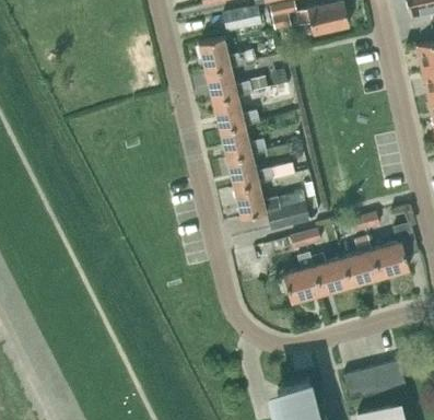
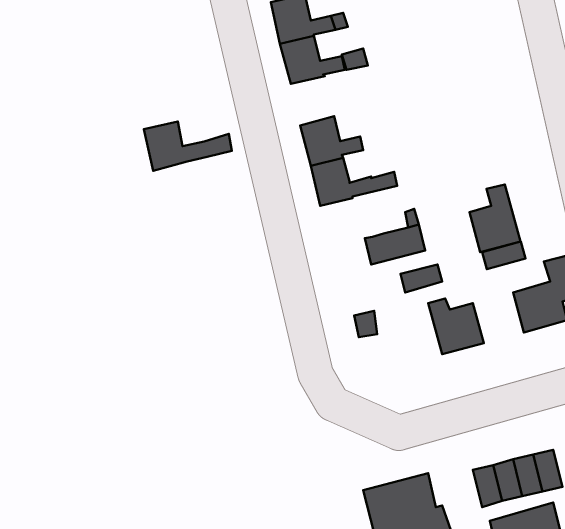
building: [213,95,275,130] -> [144,121,232,171]
building: [234,182,279,217] -> none
building: [342,236,378,284] -> [469,184,520,252]
building: [283,250,320,301] -> none

